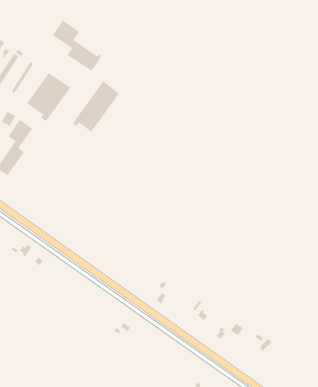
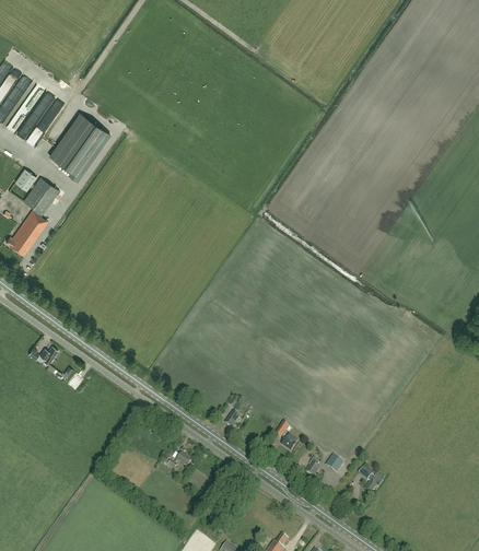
building: [52,19,102,72] -> none
building: [72,80,120,133] -> none

